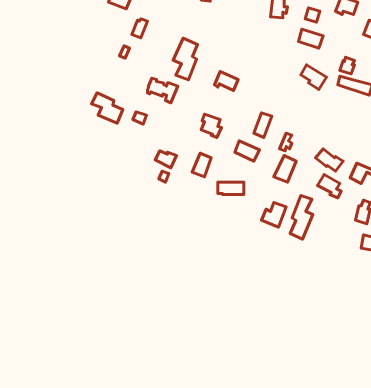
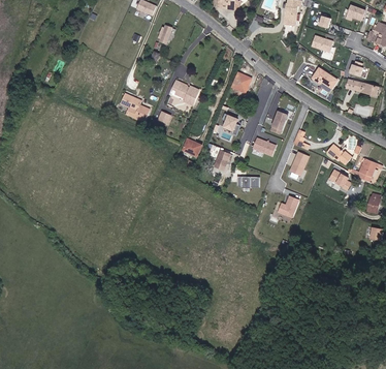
building: [173,38,197,80] -> none
building: [290,195,313,239] -> none

